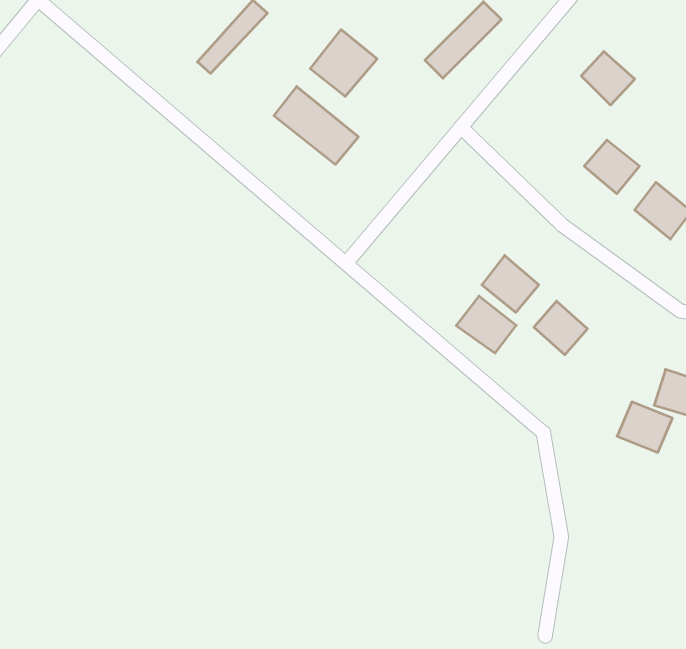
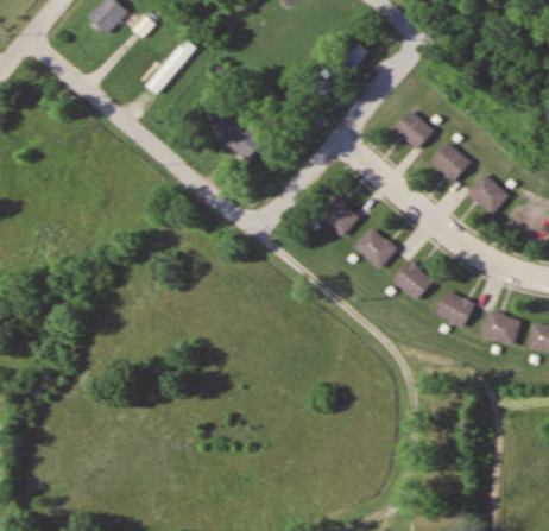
building: [310,30,377,96] -> none
building: [581,51,635,105] -> [393,110,433,150]
building: [456,296,516,353] -> [315,195,359,236]
building: [617,402,672,452] -> [434,290,474,327]

